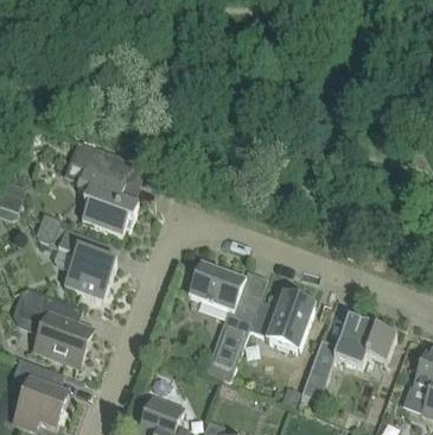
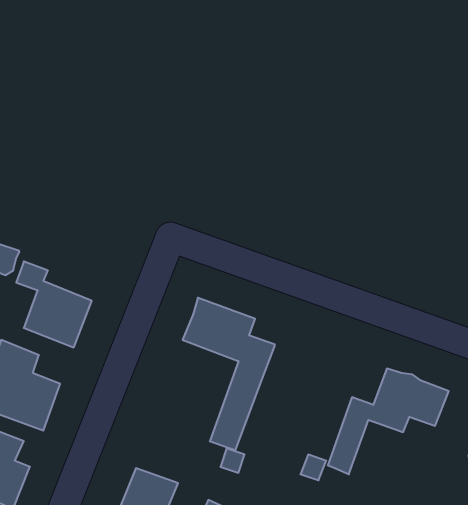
building: [76,145,140,234] -> none
building: [248,292,314,351] -> none

